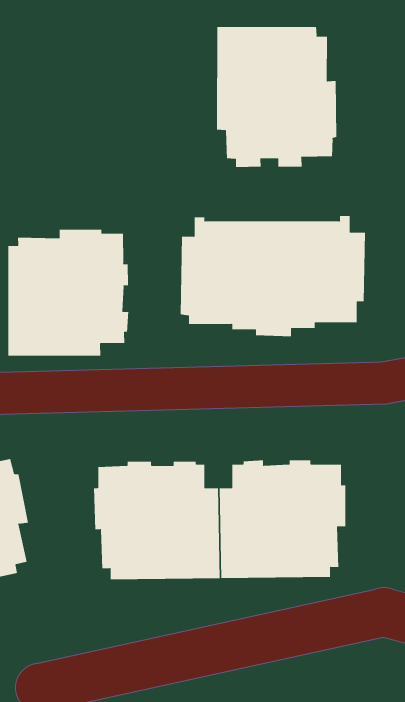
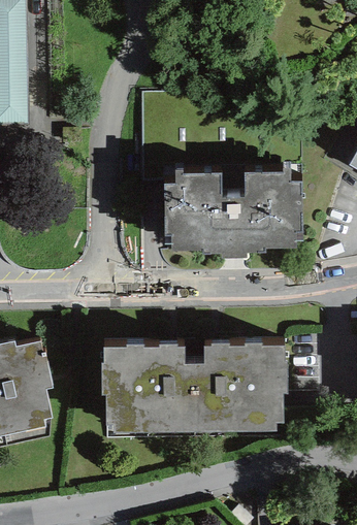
building: [216,26,337,168] -> none
building: [8,229,129,357] -> none

